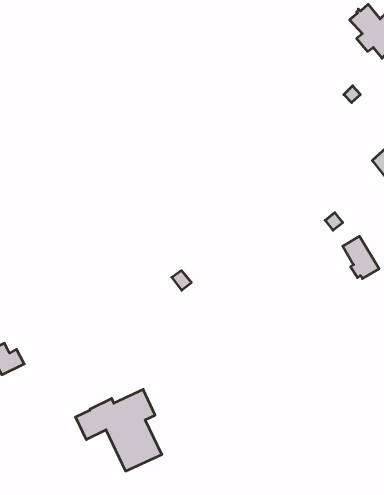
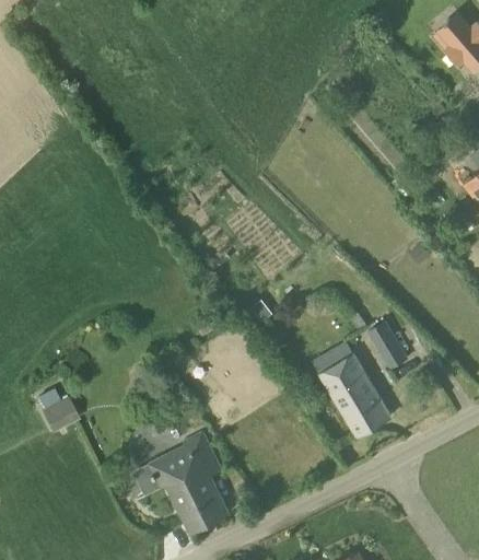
building: [343,236,379,279] -> [366,322,407,369]
building: none -> [319,353,389,435]

